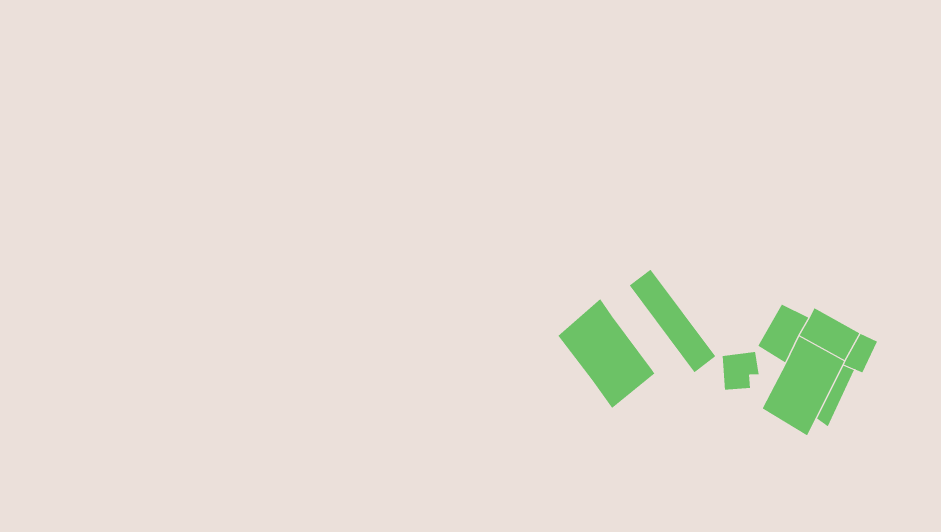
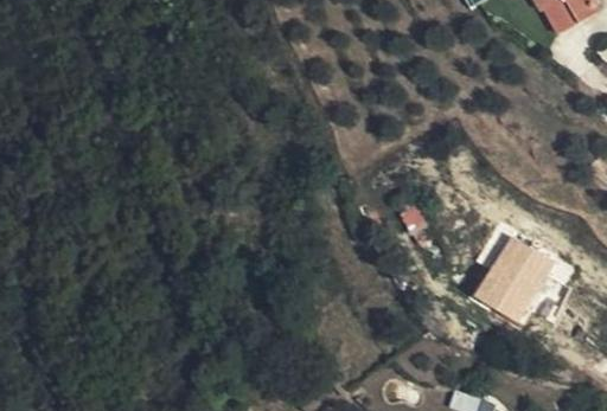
building: [557,298,655,409] -> none

